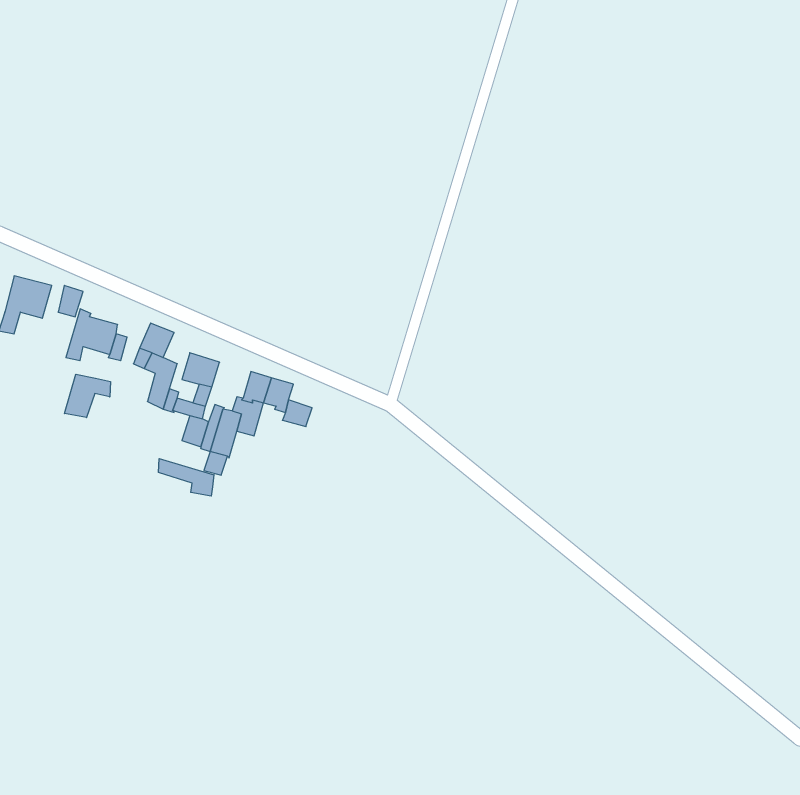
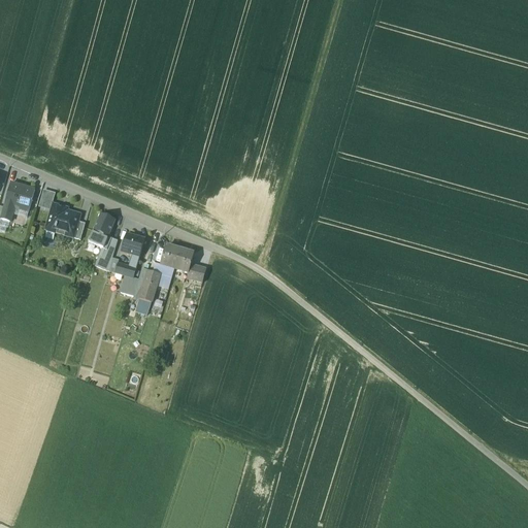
building: [65,374,110,418] -> none
building: [159,459,214,496] -> none

